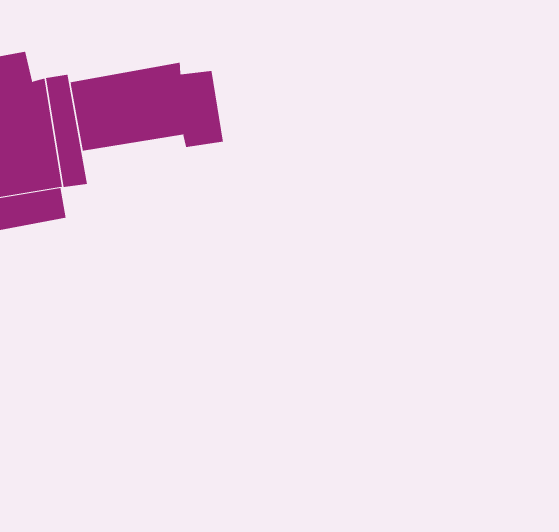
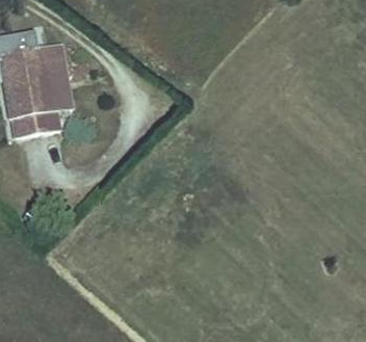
building: [70,62,224,152] -> none

